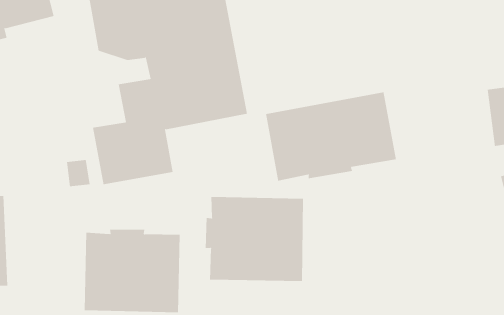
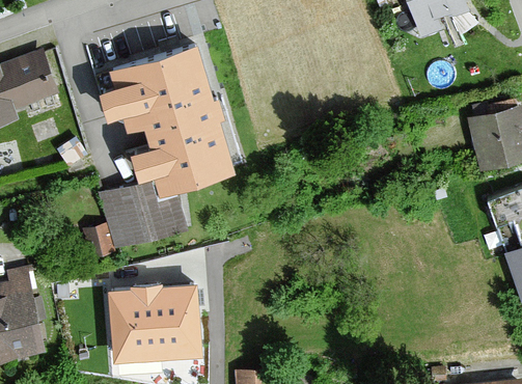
building: [265,92,396,182] -> none
building: [205,196,304,282] -> none

